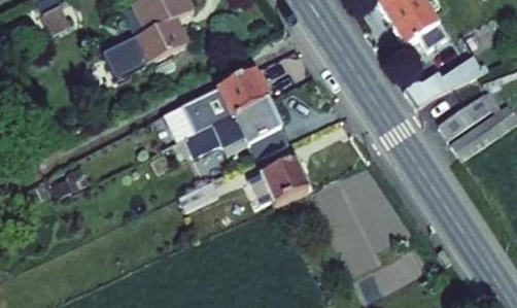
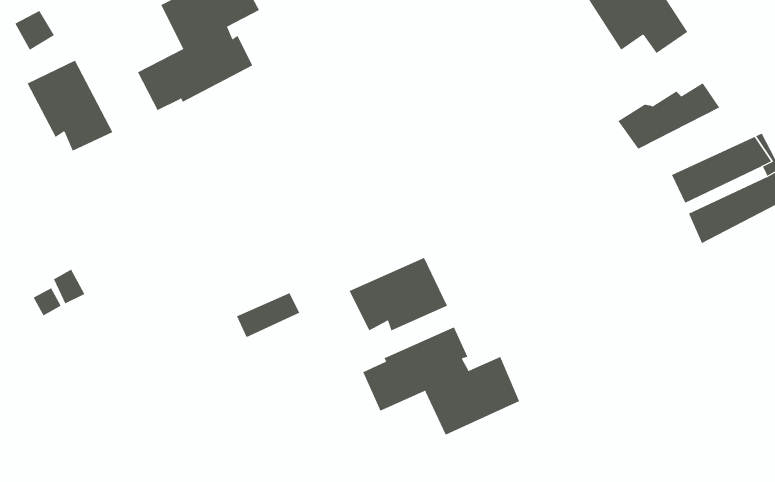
building: none -> [27,60,113,151]
building: [172,72,287,160] -> none
building: none -> [362,327,520,436]

